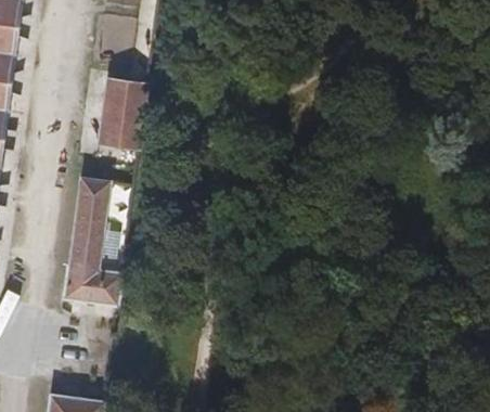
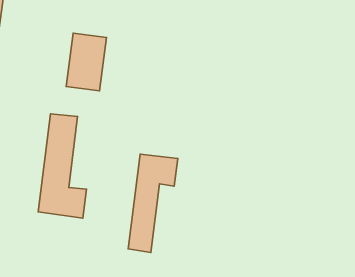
building: none -> [128,154,178,252]

